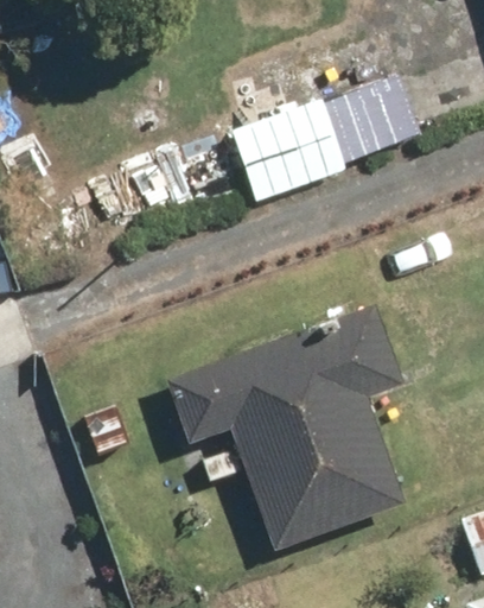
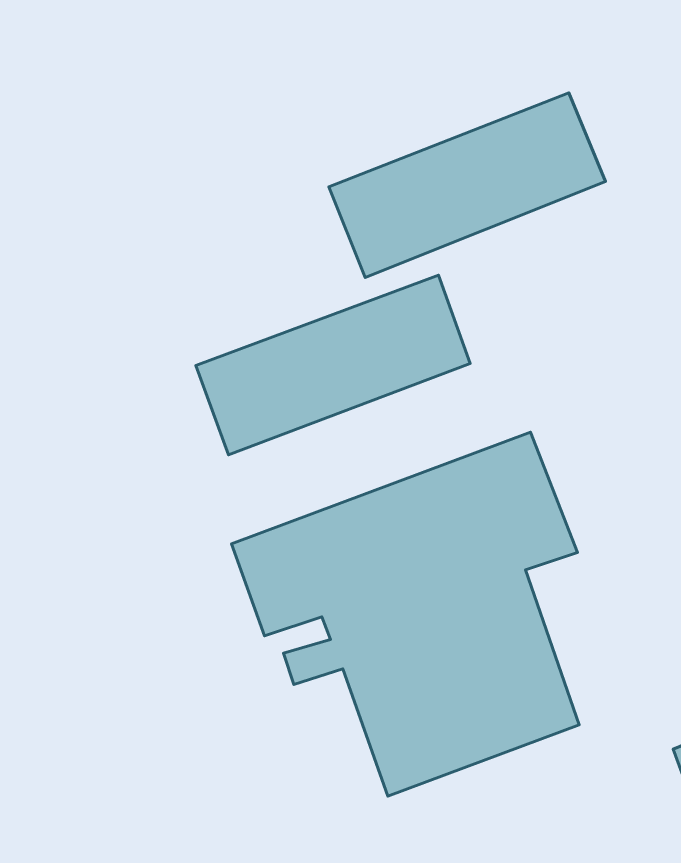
building: none -> [196,275,470,455]

